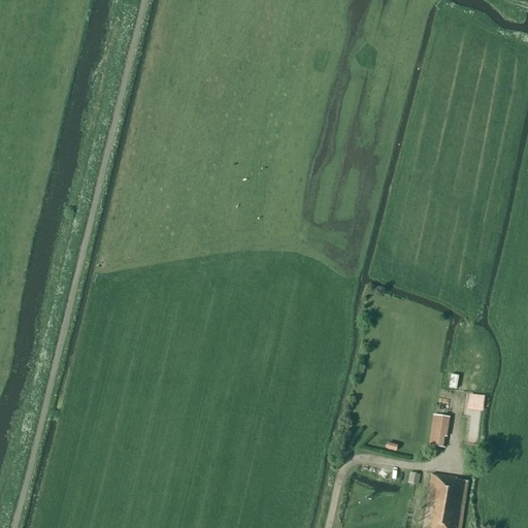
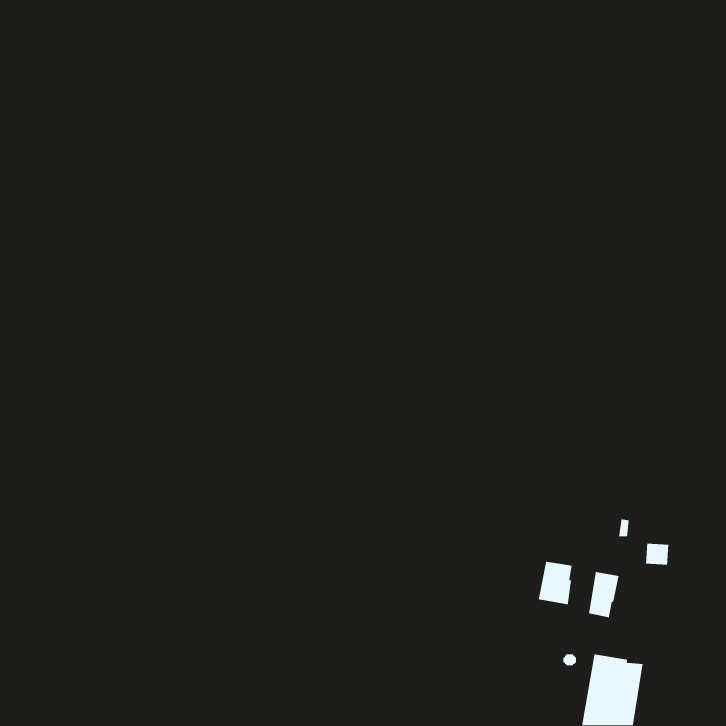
building: none -> [538,561,573,605]

